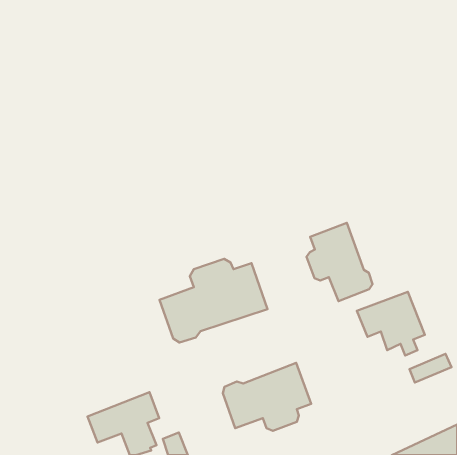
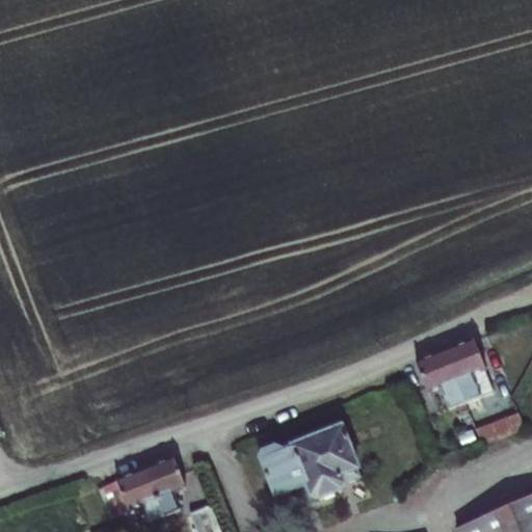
building: [307,223,372,301] -> none
building: [159,259,267,342] -> none

